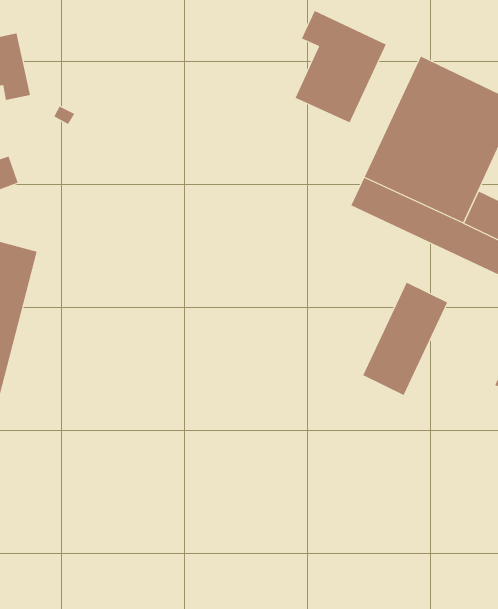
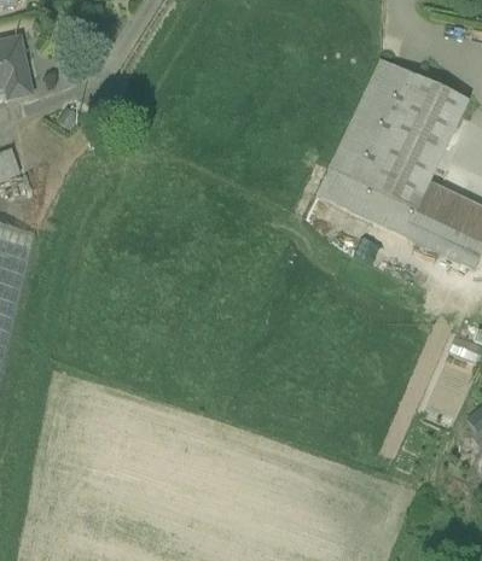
building: [295,10,387,123] -> none
building: [363,282,448,396] -> none

